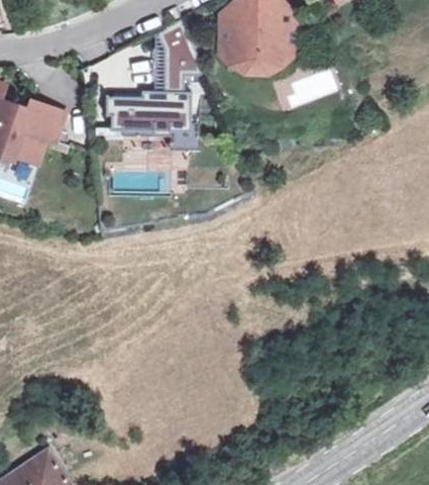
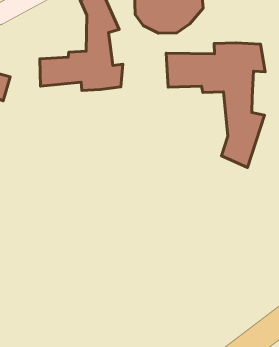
building: none -> [166,43,265,167]

